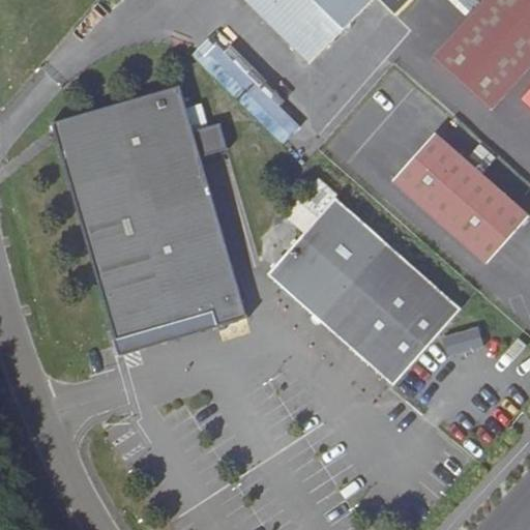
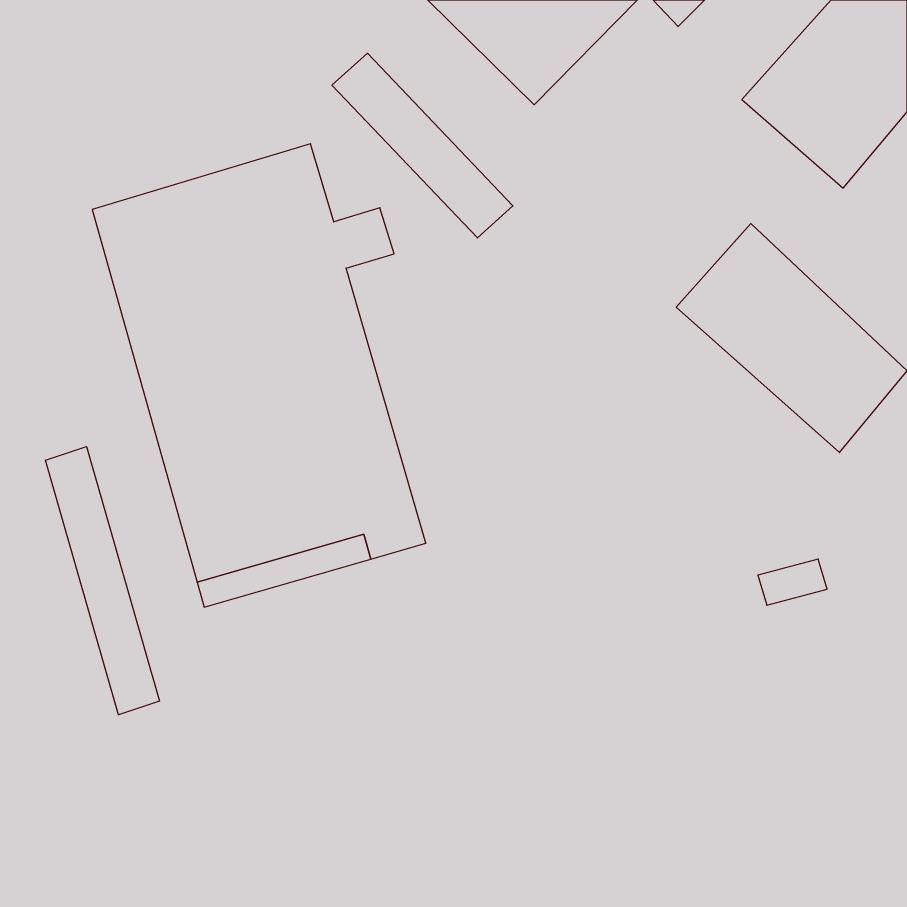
building: [268,199,460,384] -> none
building: none -> [45,447,160,715]

